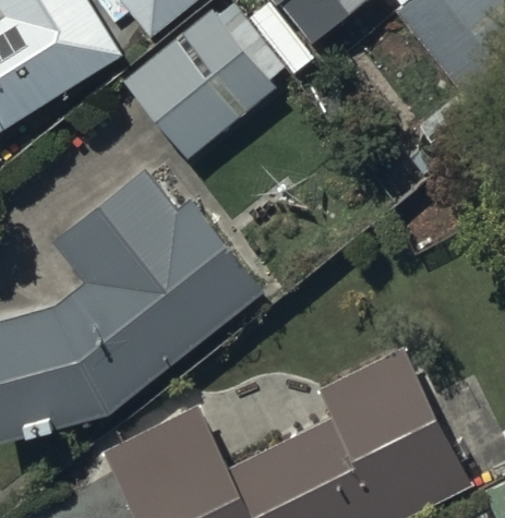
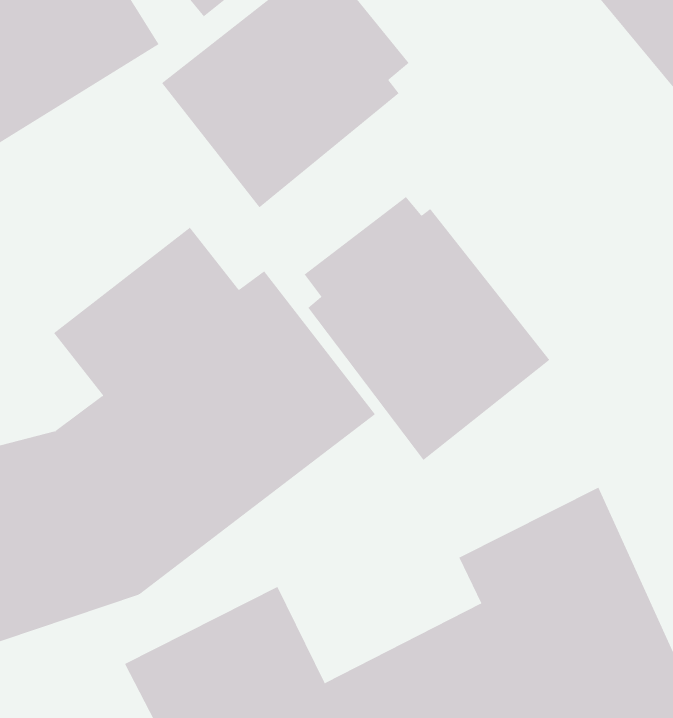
building: none -> [304,196,550,461]

